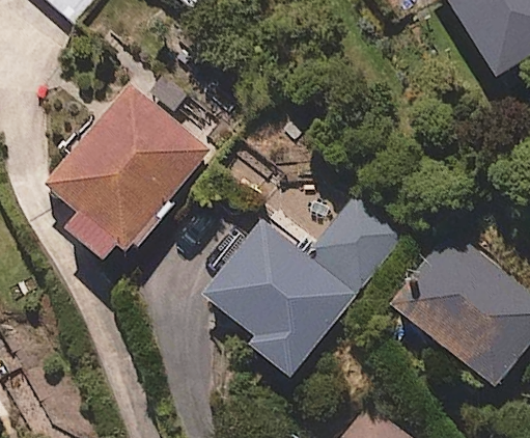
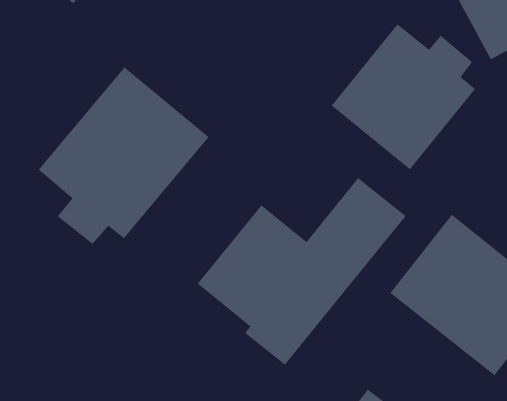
building: none -> [331,23,476,170]

